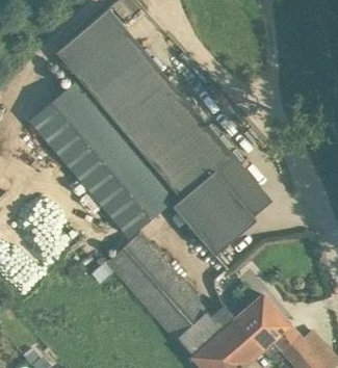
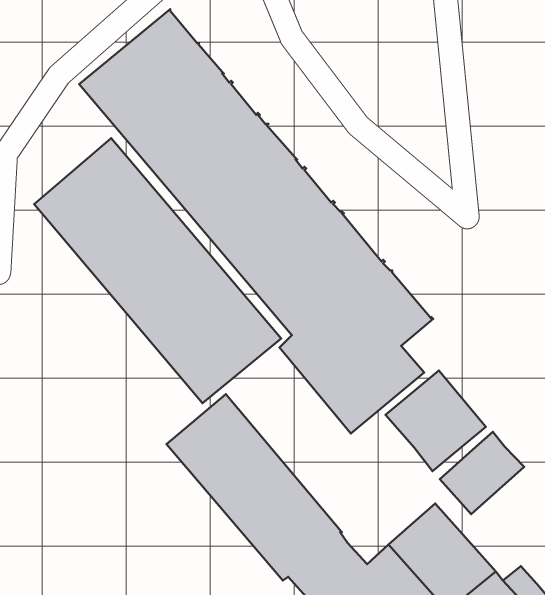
building: none -> [385,371,486,471]
building: none -> [440,432,524,514]

